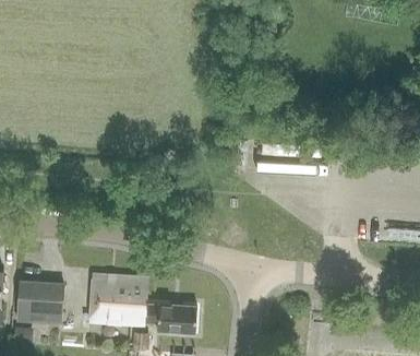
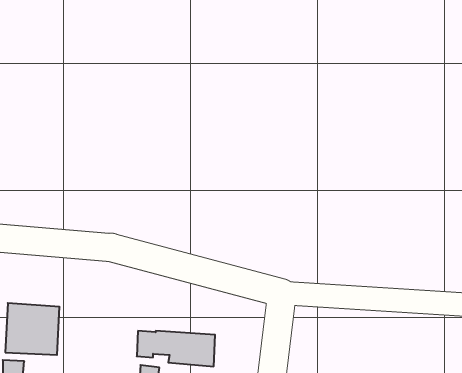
building: [88,275,146,325] -> none

